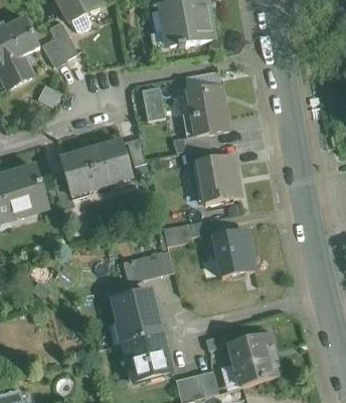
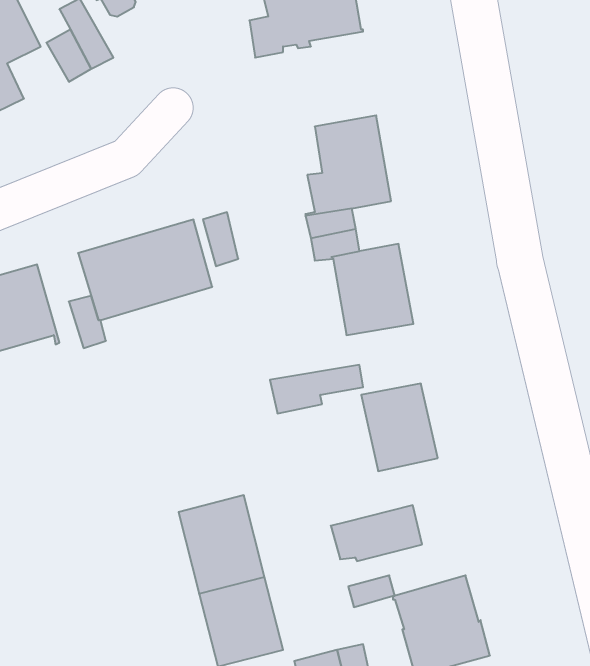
building: [142,85,165,120] -> none
building: [124,249,173,279] -> [331,505,422,561]

